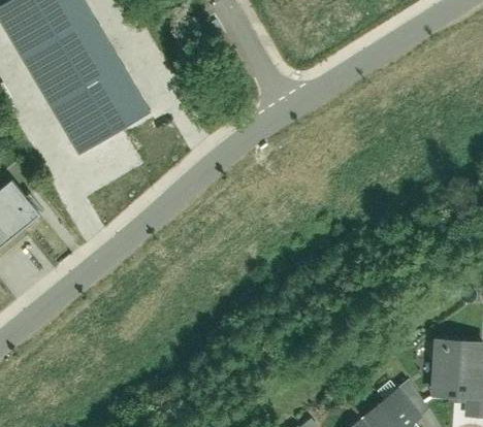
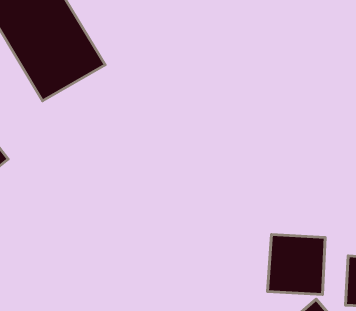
building: none -> [268,235,325,295]

